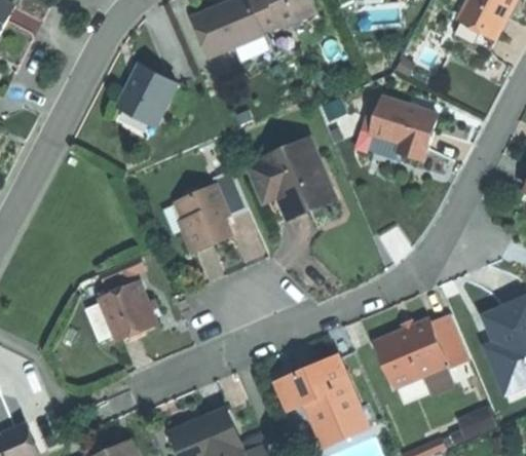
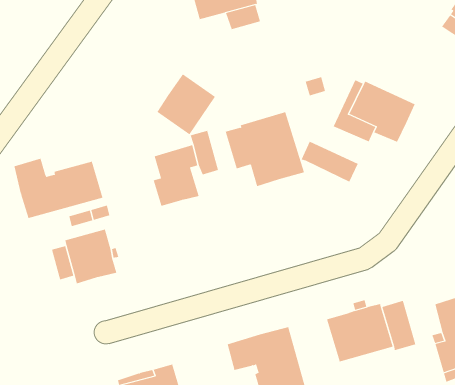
building: [117,63,176,124] -> [156,73,216,135]
building: none -> [301,141,358,182]
building: none -> [14,158,103,219]

